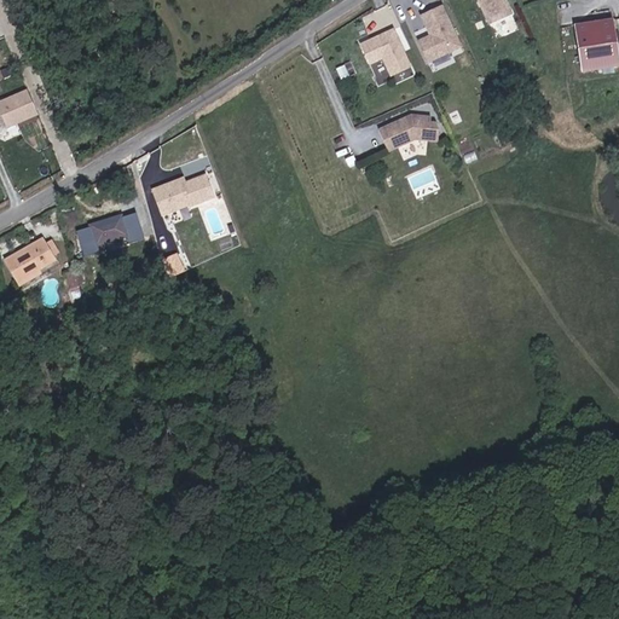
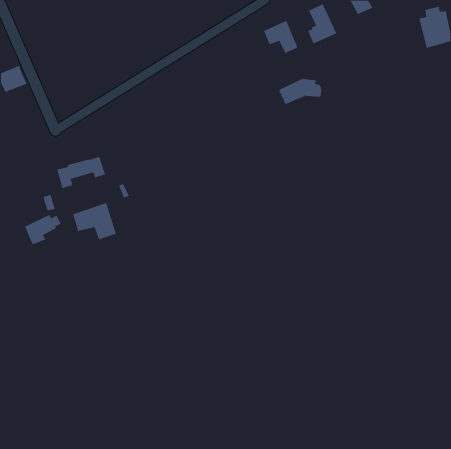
building: [154,173,214,212] -> none
building: [5,243,56,285] -> [24,214,61,245]
building: none -> [73,202,117,240]

